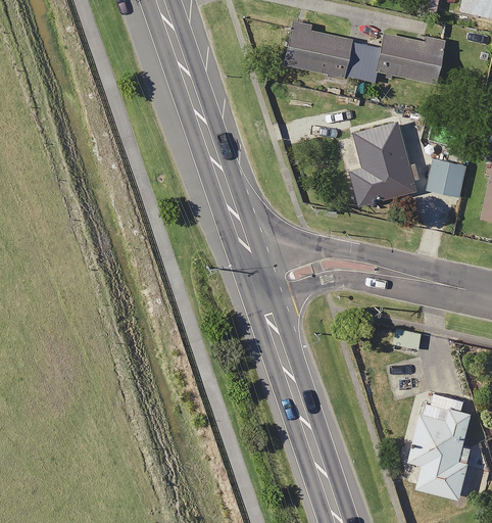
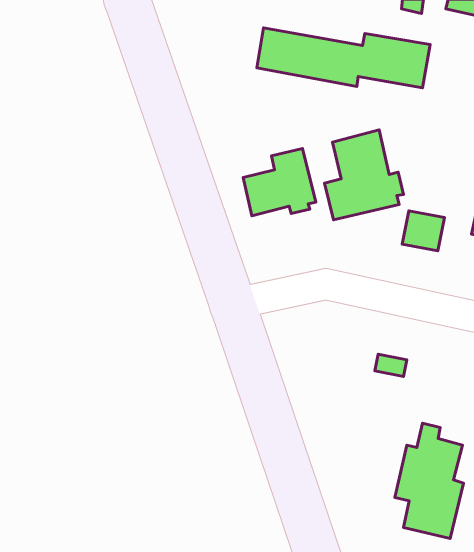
building: none -> [243,148,316,216]
building: [427,160,465,197] -> [402,211,444,251]

